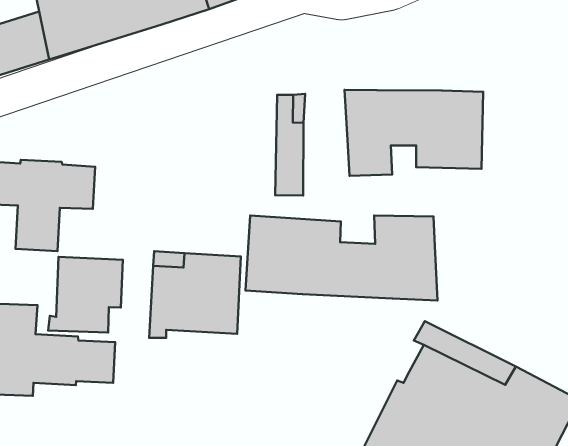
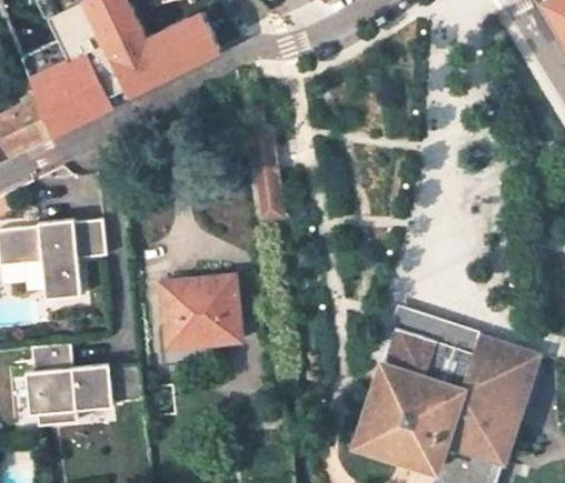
building: [344,90,483,176] -> none
building: [245,216,437,301] -> none
building: [48,257,123,333] -> none

